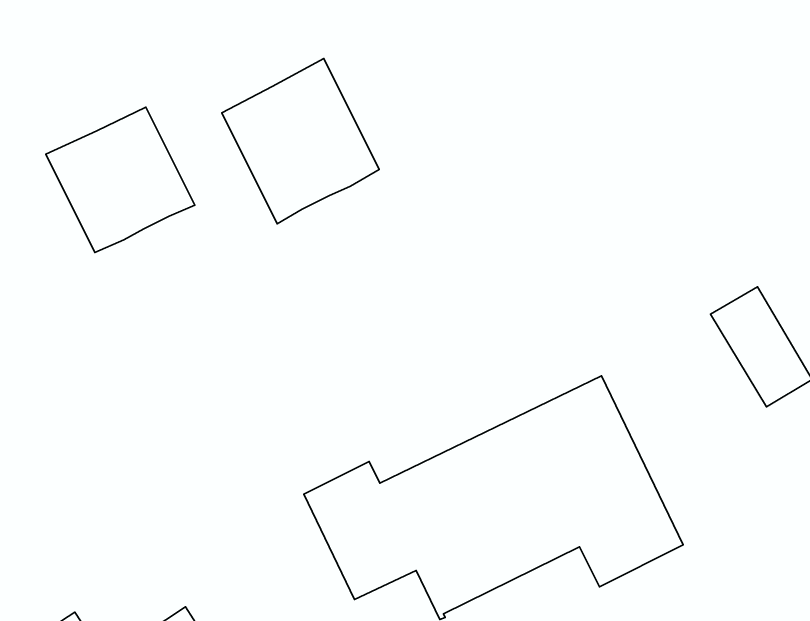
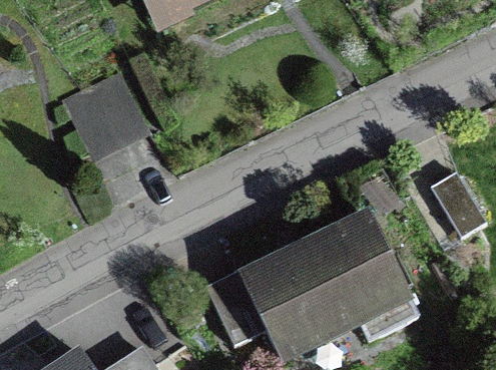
building: [222,59,379,224] -> none

